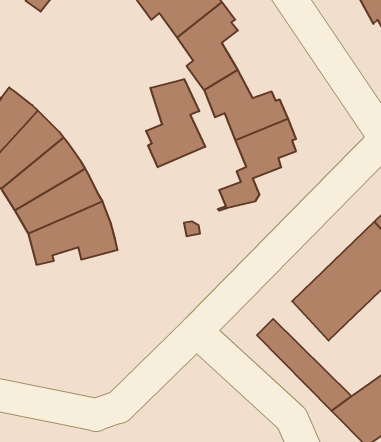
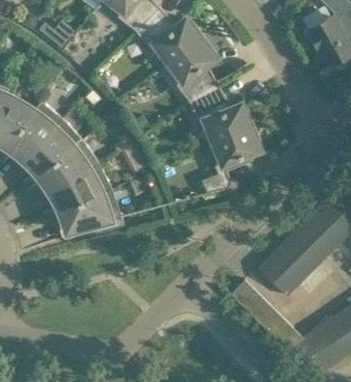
building: [146,79,205,167] -> none

